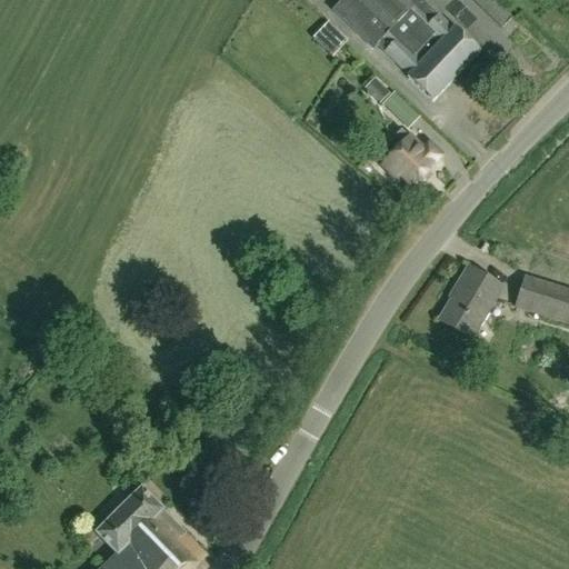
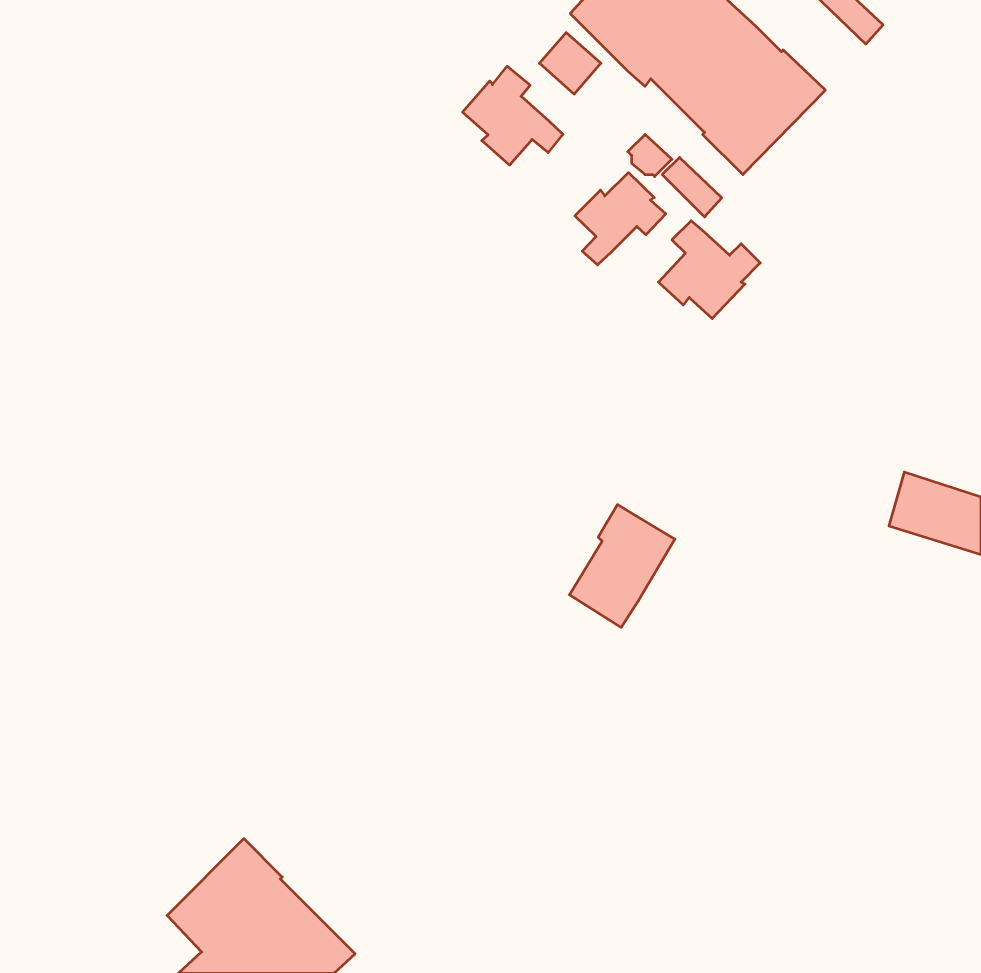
building: none -> [463,66,563,165]
building: none -> [575,173,666,265]
building: [439,264,500,336] -> [569,505,675,627]

